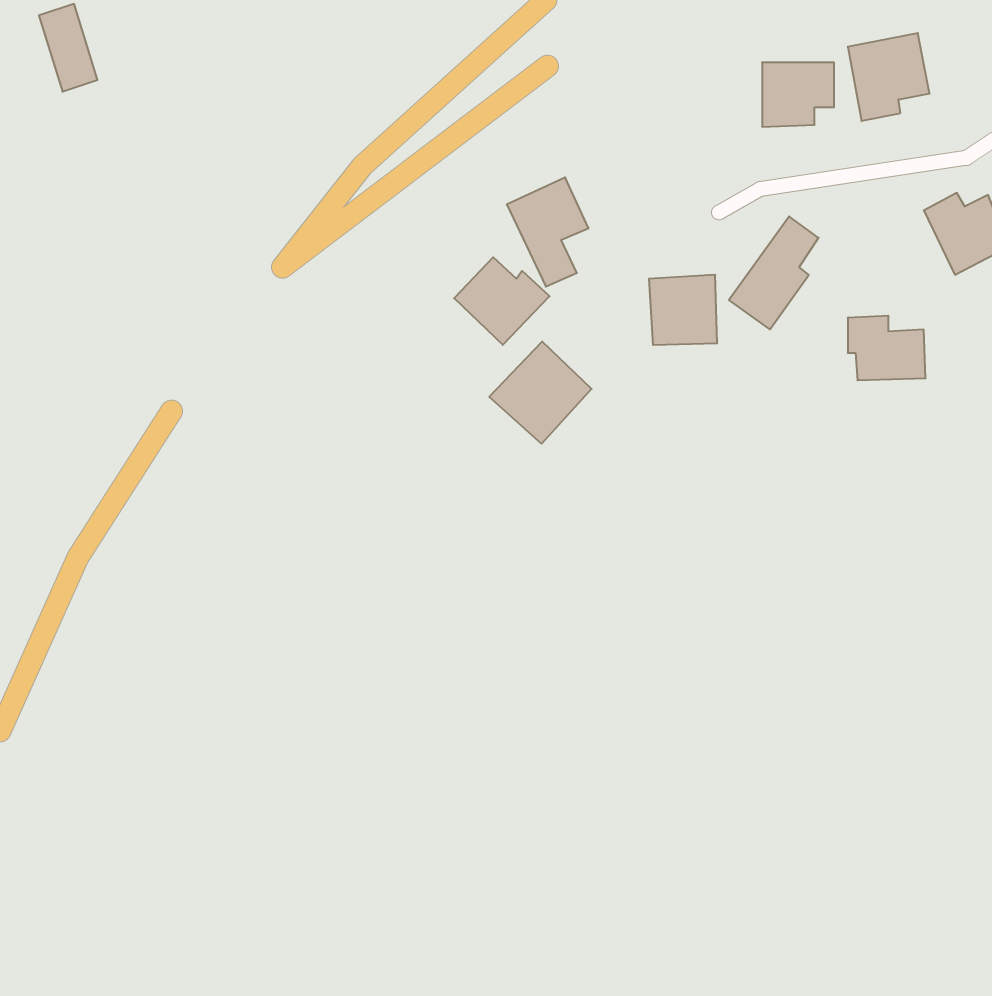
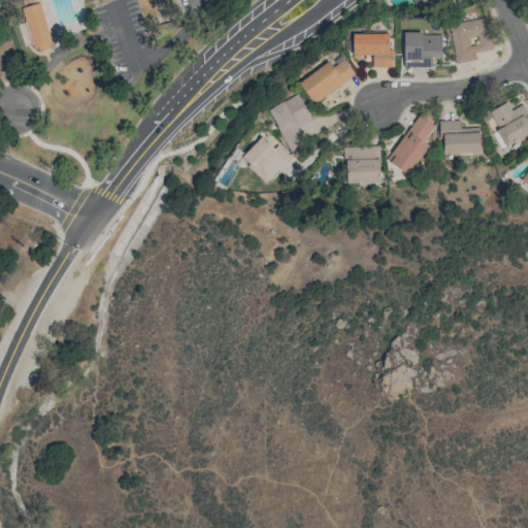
building: none -> [354,33,393,67]
building: none -> [300,59,357,104]
building: [848,316,926,380] -> [440,120,482,154]
building: [489,341,592,444] -> none

